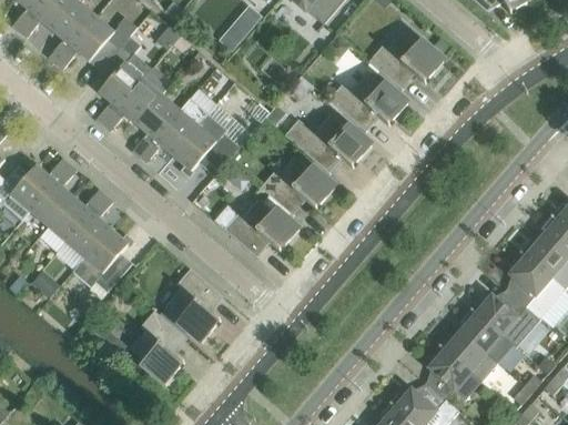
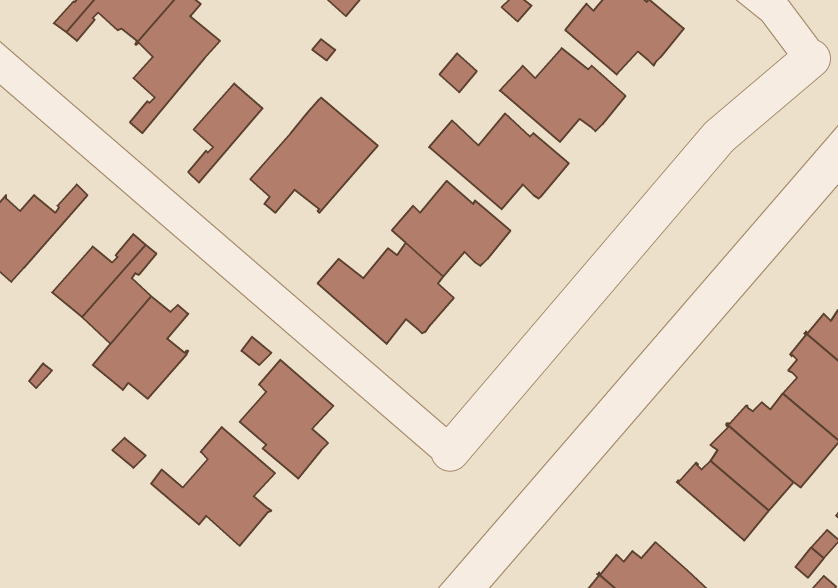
building: [104,65,173,131] -> none
building: [140,98,207,162] -> none
building: [30,164,77,225] -> none
building: [426,344,481,399] -> none

